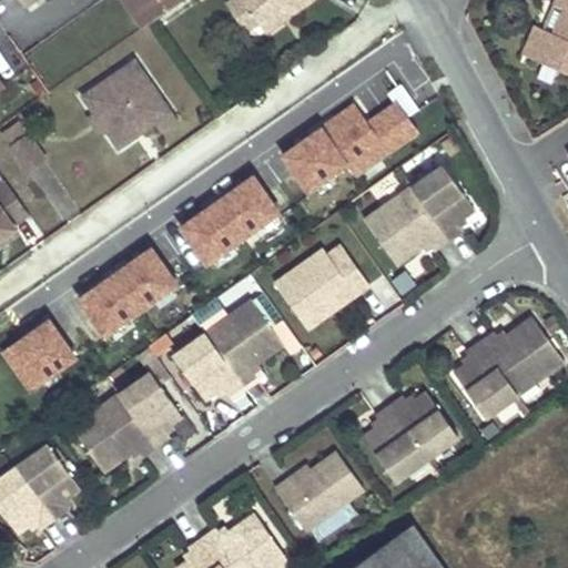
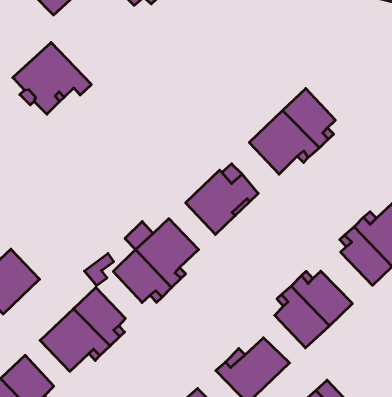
building: [280,97,422,191] -> none
building: [176,166,284,263] -> none
building: [74,240,181,334] -> none

